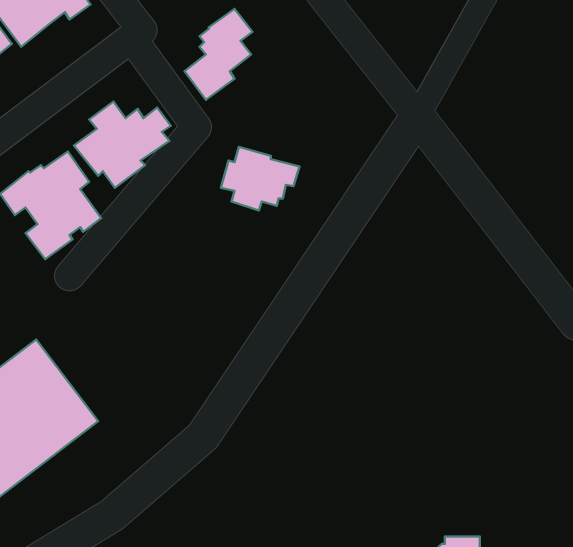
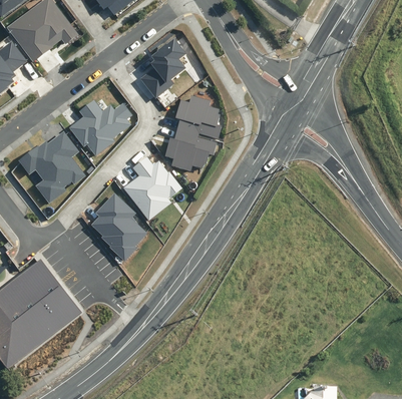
building: none -> [174,95,221,138]
building: none -> [123,157,181,220]
building: none -> [90,193,146,262]

